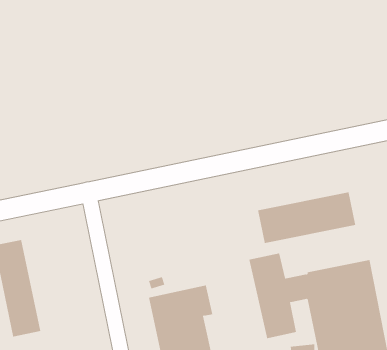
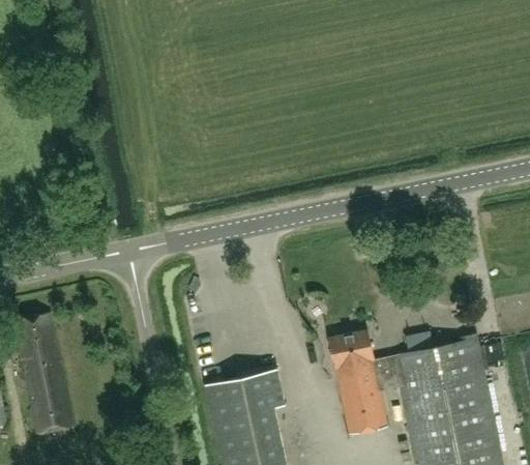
building: [258,192,356,244] -> none

